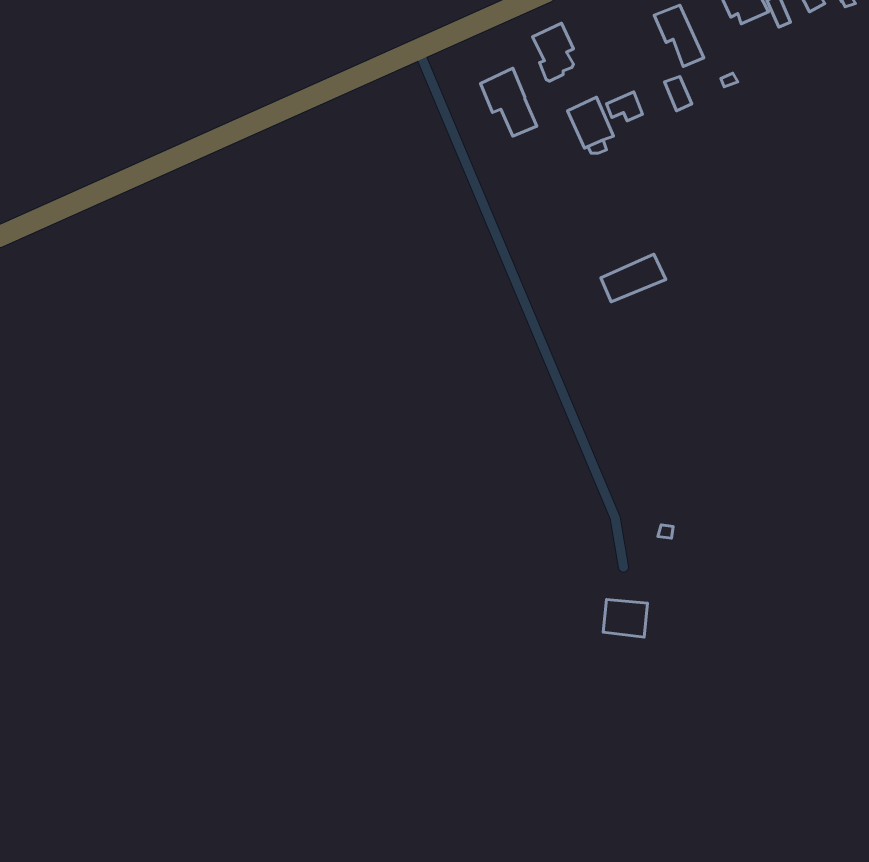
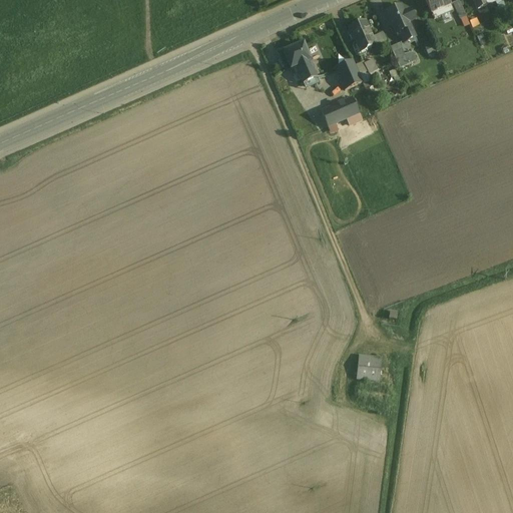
building: [533,23,573,81] -> [347,18,371,52]
building: [601,254,666,302] -> [320,95,358,123]

